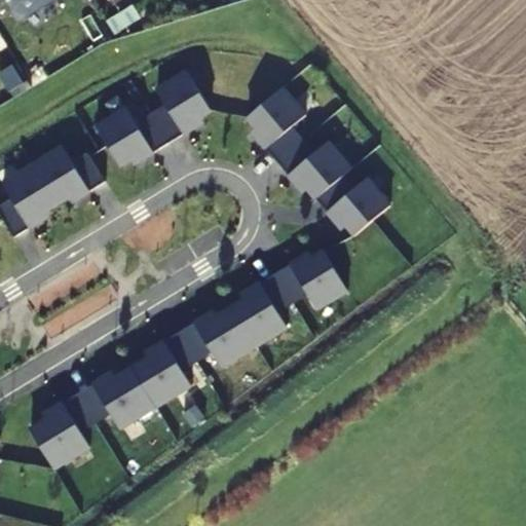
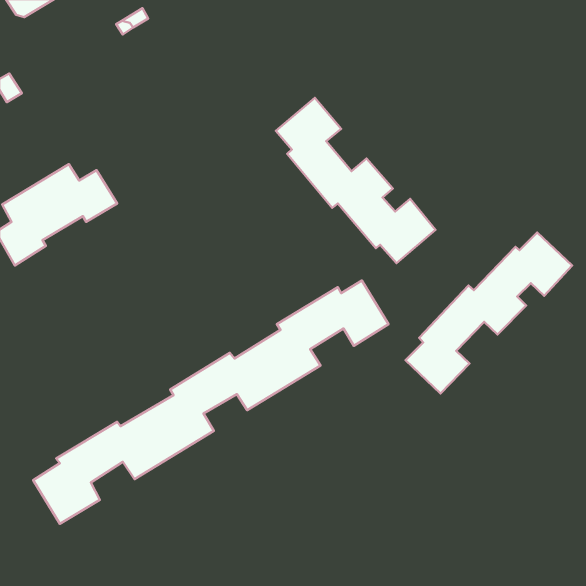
building: [96,71,211,165] -> none
building: none -> [406,232,572,394]

